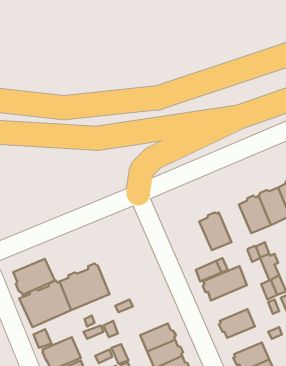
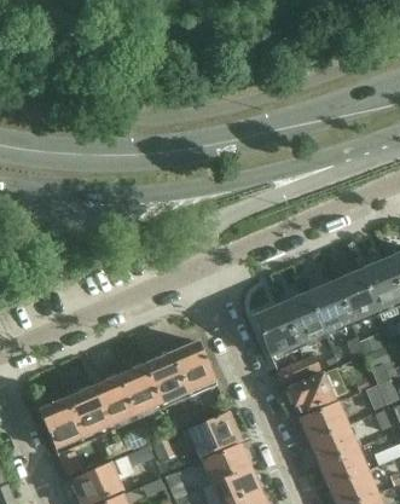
building: none -> [308,283,352,334]
building: none -> [254,306,298,357]
building: none -> [145,340,216,404]
building: [13,259,55,295] -> none
building: none -> [298,401,347,440]
building: none -> [187,411,238,456]
building: none -> [319,447,366,485]

